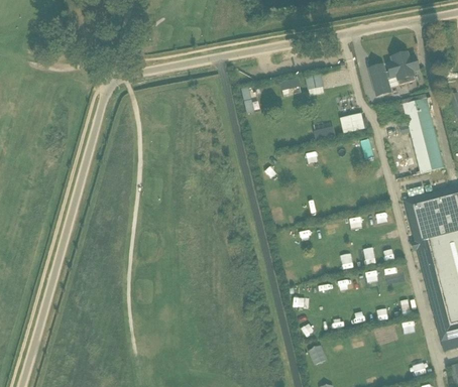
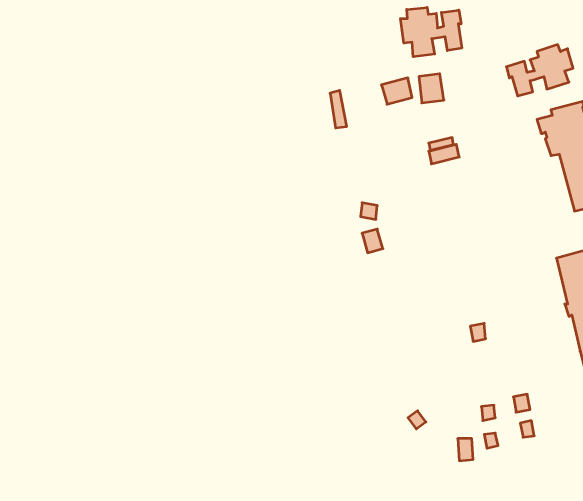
building: none -> [400,7,462,57]
building: [341,110,366,132] -> none

